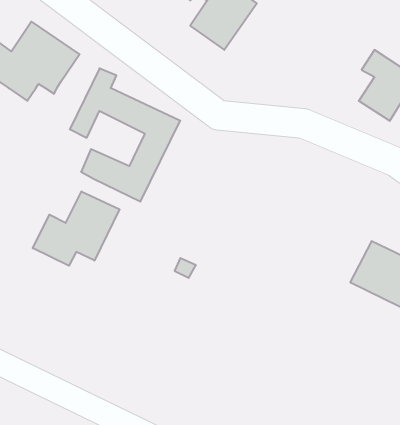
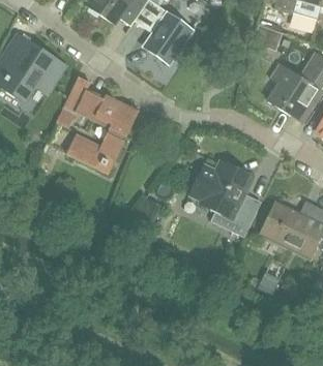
building: none -> [189,162,258,236]
building: [33,191,120,266] -> none

